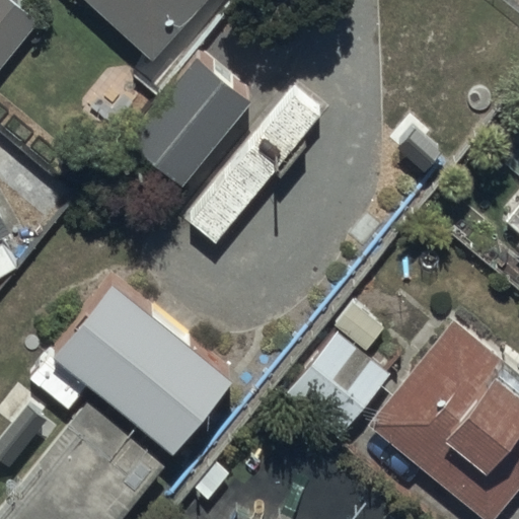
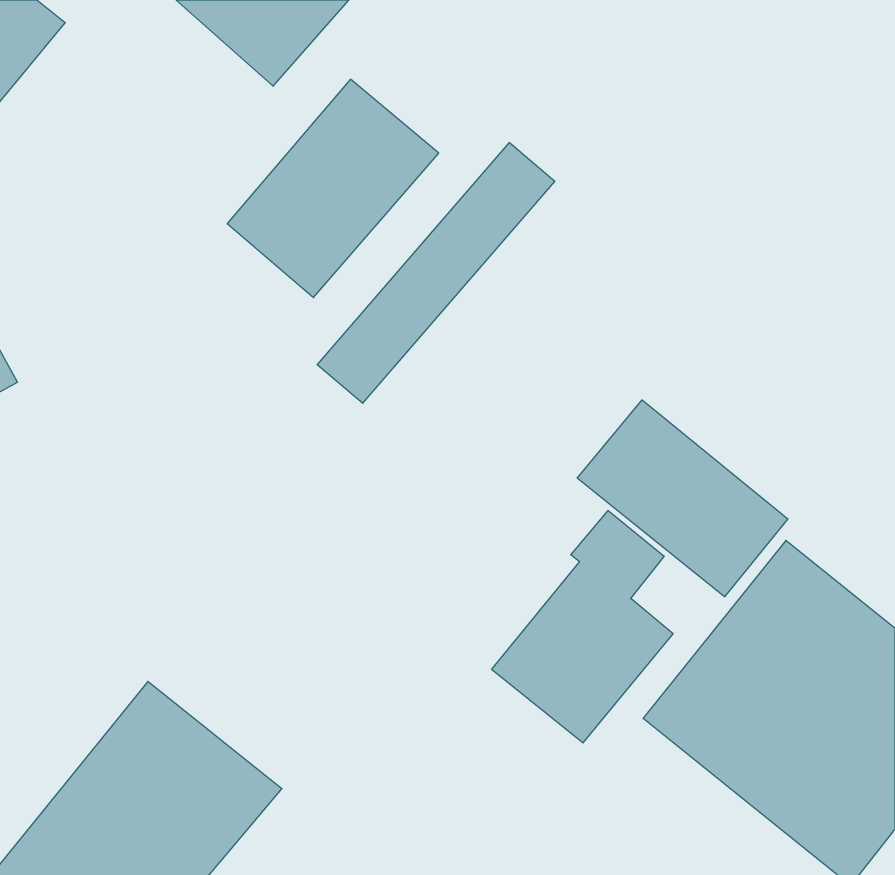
building: none -> [577,400,788,597]
building: [55,282,233,452] -> none

